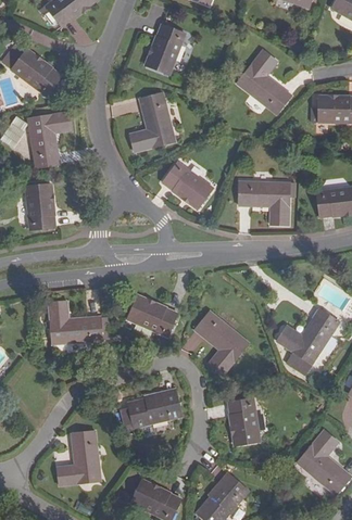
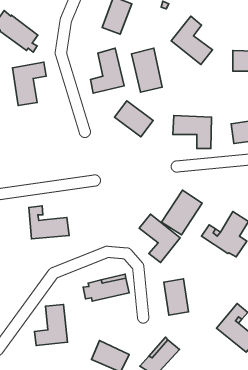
building: none -> [131,48,162,92]
building: [25,183,55,230] -> none
building: none -> [162,190,202,235]
building: [127,295,177,335] -> none

